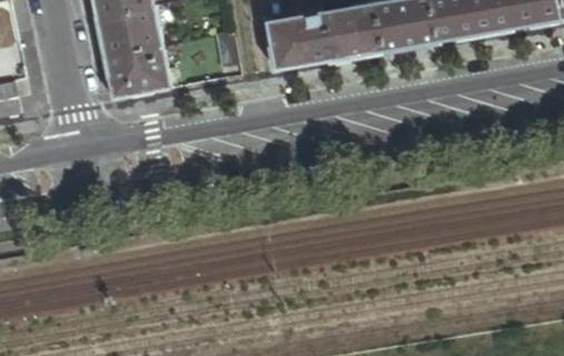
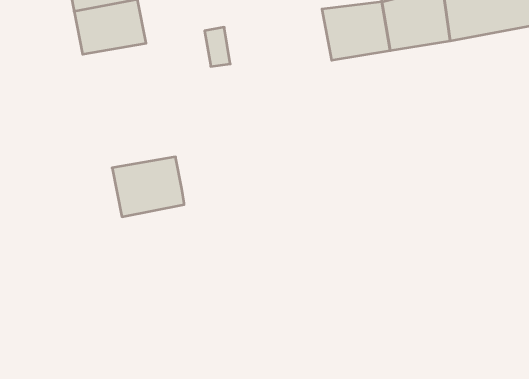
building: [267,12,329,68] -> none
building: [102,43,168,98] -> [112,157,184,217]

